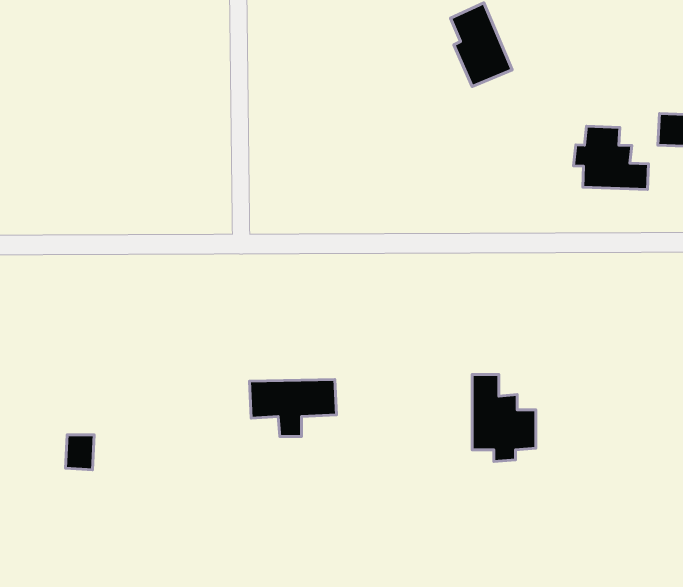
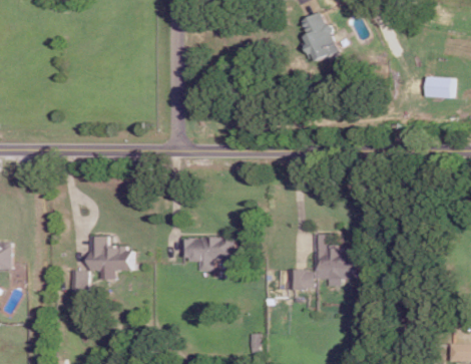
building: [573,126,649,190] -> none
building: none -> [90,236,131,279]
building: none -> [289,269,314,289]

